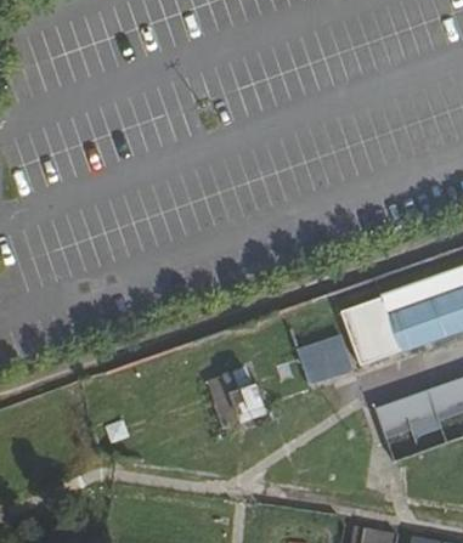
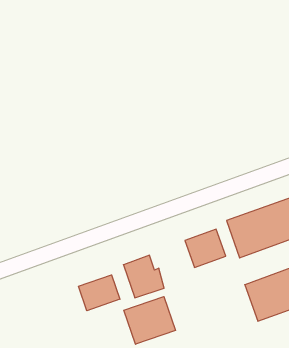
building: none -> [79,275,120,311]
building: none -> [124,297,176,344]

